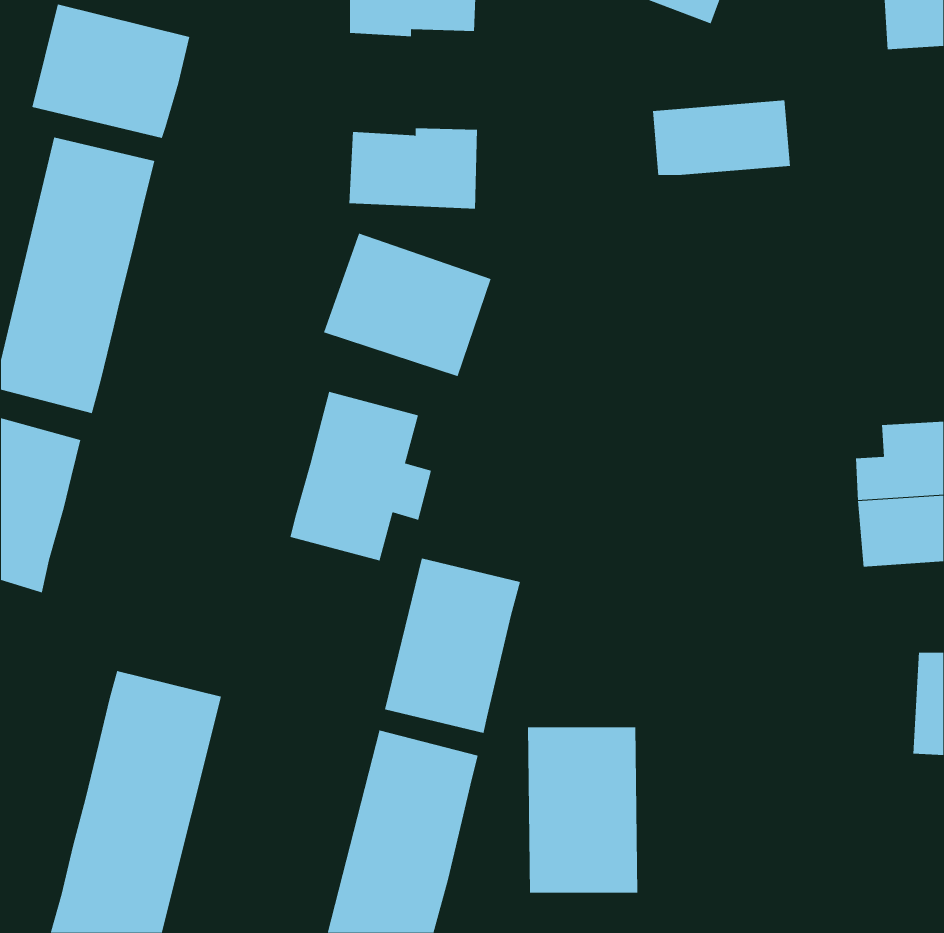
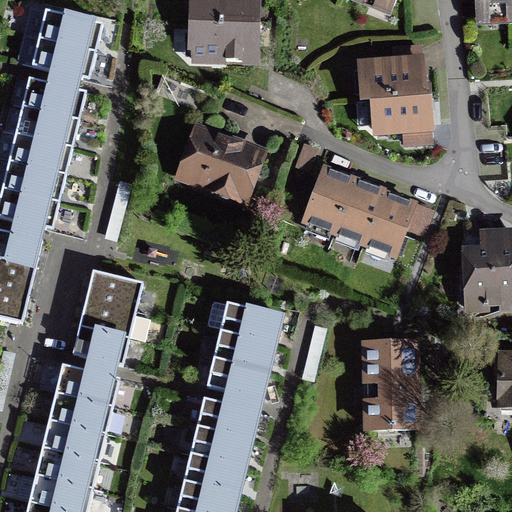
building: [348,128,478,209] -> [187,16,257,60]
building: none -> [367,90,431,146]
building: none -> [301,164,417,253]
building: [290,391,432,561] -> [74,269,151,361]
building: [527,727,638,893] -> [359,343,419,433]

